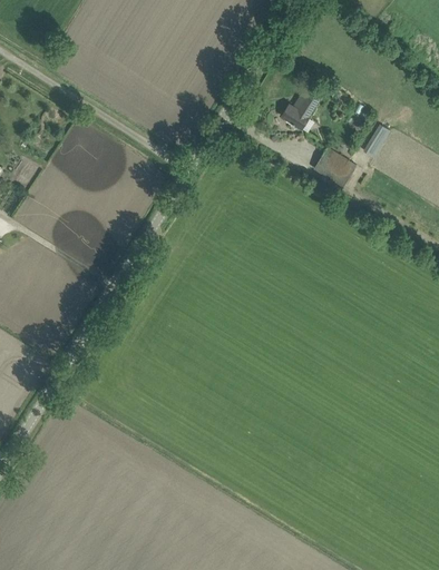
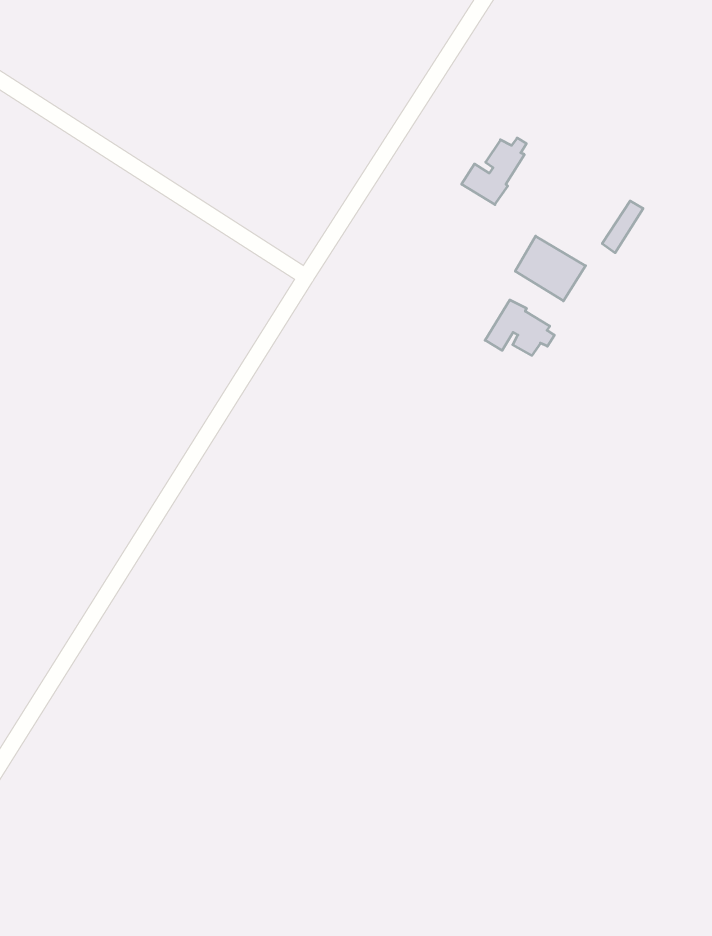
building: none -> [485,300,554,355]

